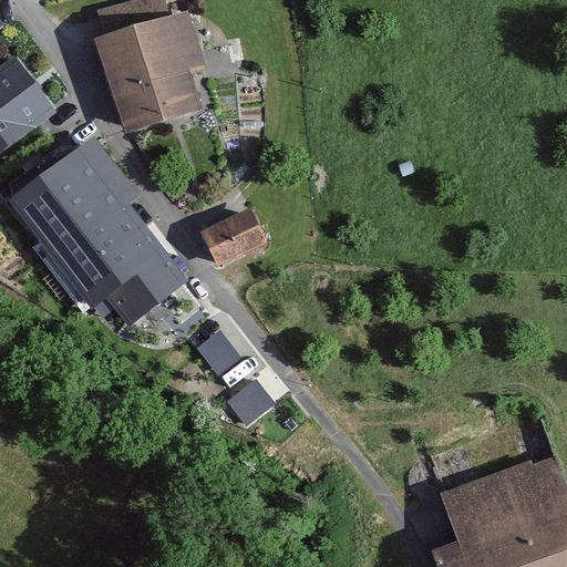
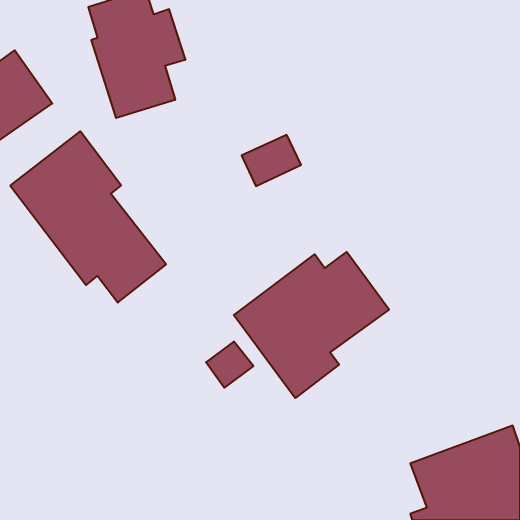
building: [202,212,266,267] -> [242,135,301,186]
building: none -> [234,252,389,398]
building: [193,322,248,381] -> none

